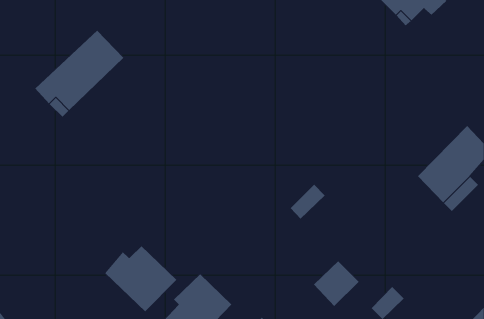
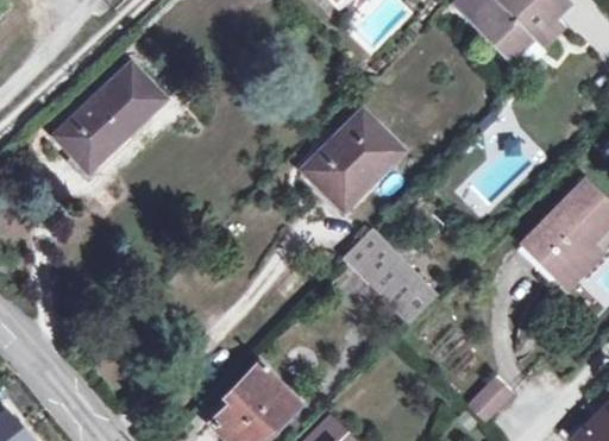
building: none -> [303,112,401,206]
building: none -> [341,227,397,283]
building: [104,245,177,312] -> none
building: [313,260,359,307] -> [381,267,438,325]

